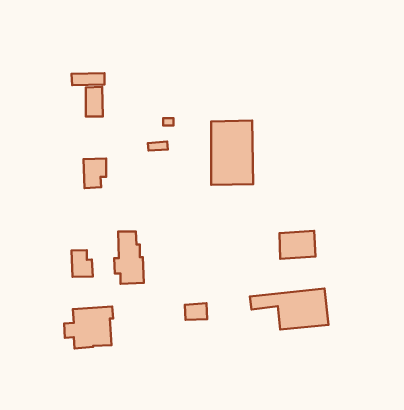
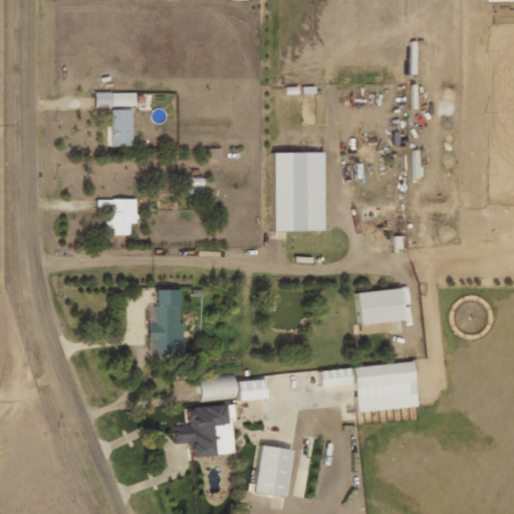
building: [72,250,93,277] -> none
building: none -> [202,378,230,400]
building: [64,307,113,348] -> [178,405,239,457]
building: none -> [254,446,298,496]

